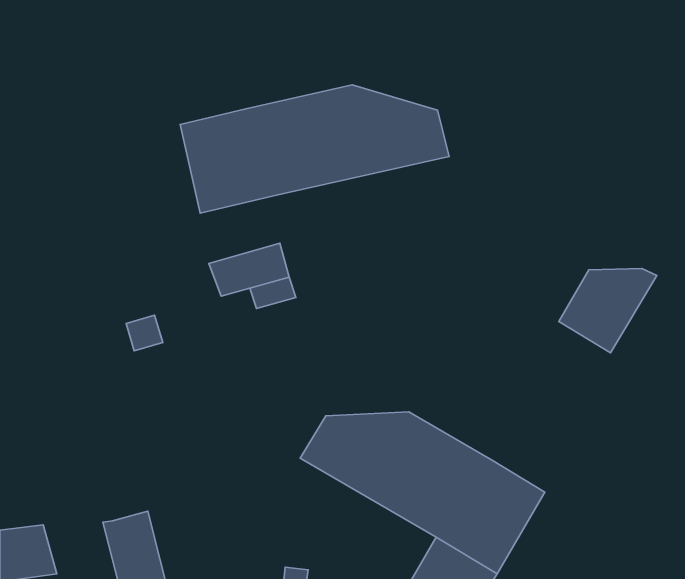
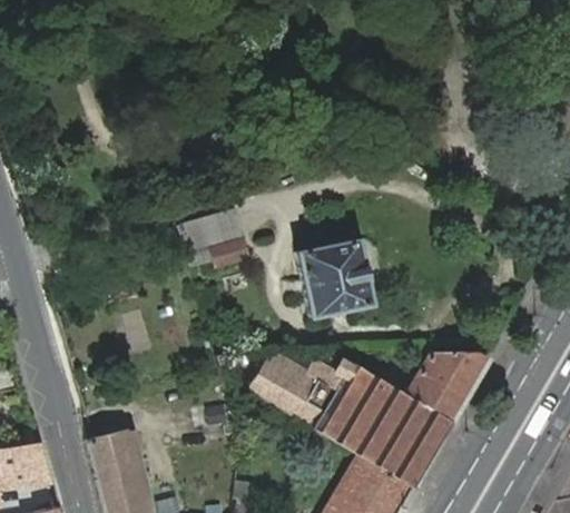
building: [180,85,449,213] -> none
building: [559,269,657,353] -> [409,351,489,420]
building: none -> [297,241,386,319]

